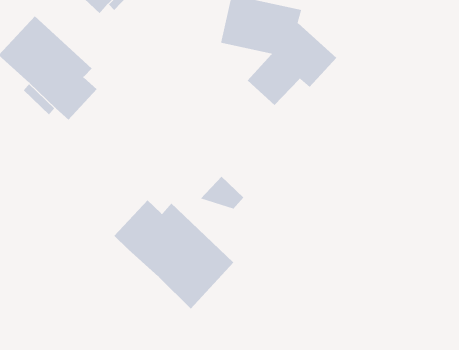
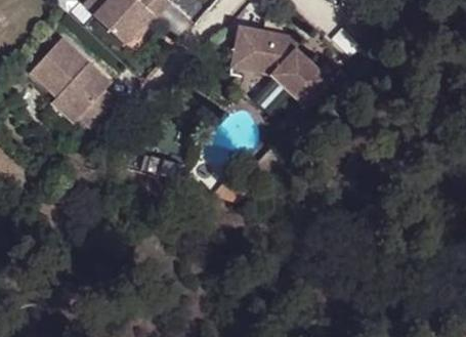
building: [113,199,234,309] -> none

